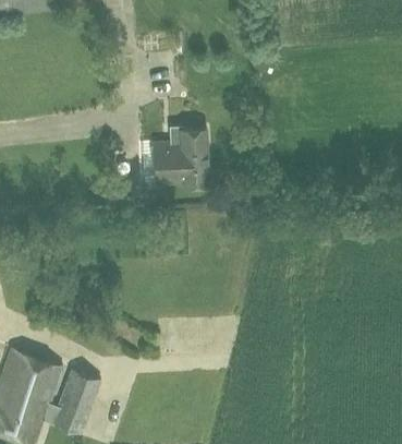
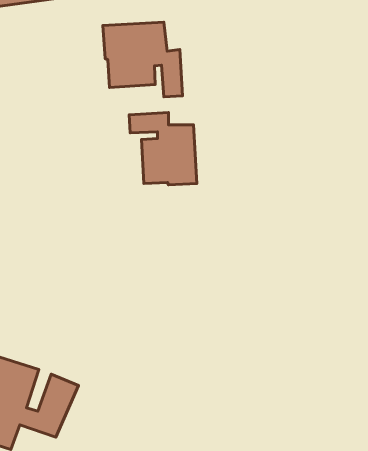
building: none -> [103,22,183,97]

